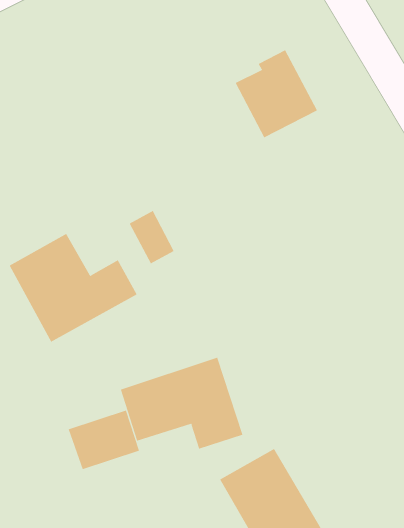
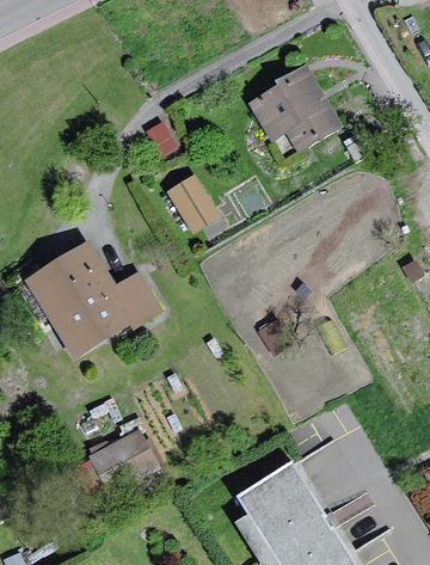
building: [129,210,175,264] -> [170,177,215,231]
building: [120,357,243,450] -> none

